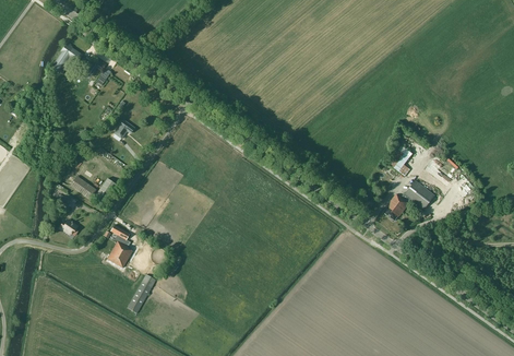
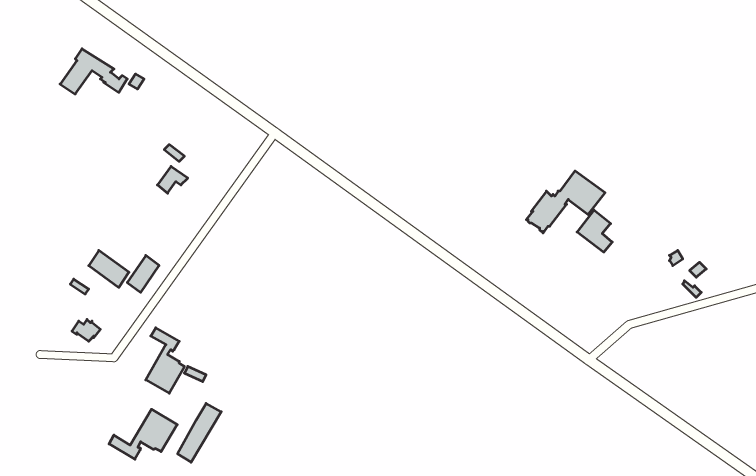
building: [383,180,434,221] -> [526,171,605,233]
building: none -> [109,409,177,459]

